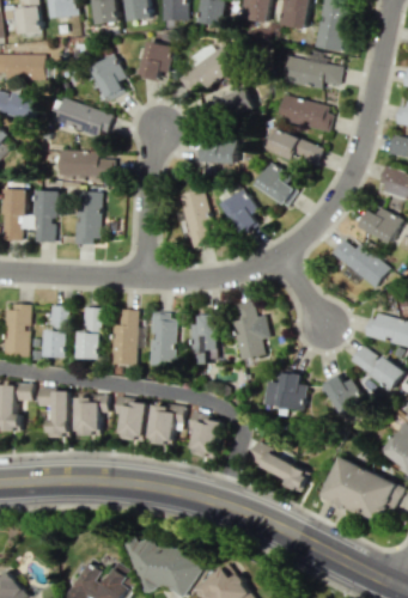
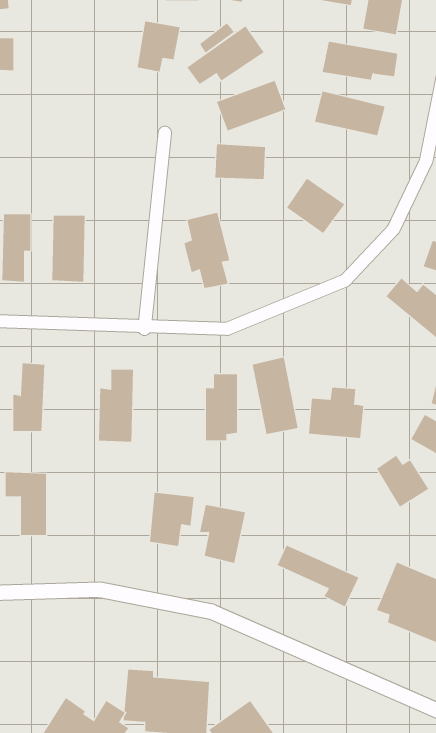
building: [92,56,124,100] -> none
building: [55,98,112,139] -> none
building: [268,132,322,165] -> none
building: [59,151,112,179] -> none
building: [223,190,257,234] -> none
building: [77,307,103,359] -> none
building: [150,315,176,368] -> none
building: [264,371,307,410] -> [308,387,364,438]
building: [75,396,109,437] -> none
building: [115,399,147,441] -> none

